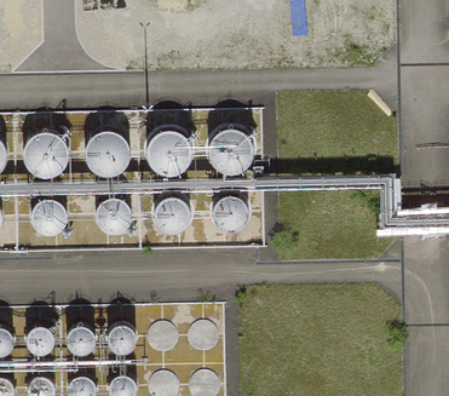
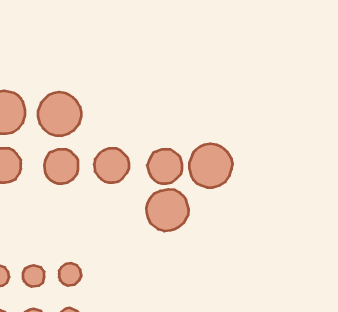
building: [205,126,254,176] -> [189,144,233,187]
building: [146,128,196,178] -> none
building: none -> [146,189,188,231]

